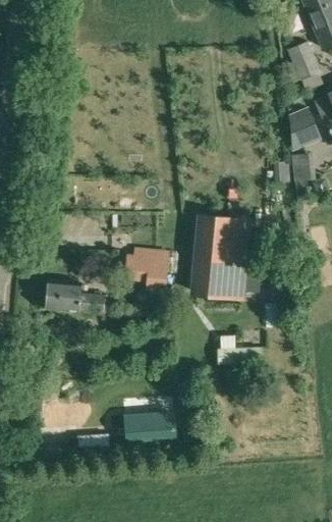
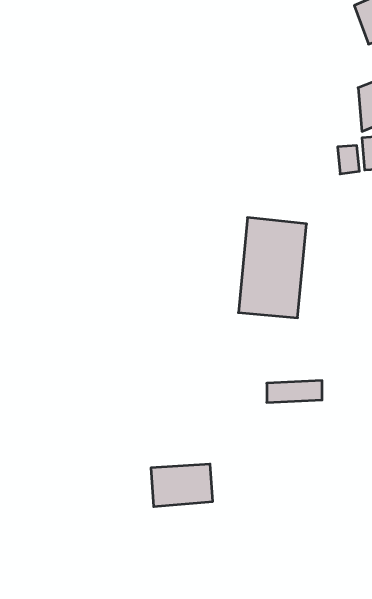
building: [127,256,166,289] -> none
building: [46,279,105,312] -> none

